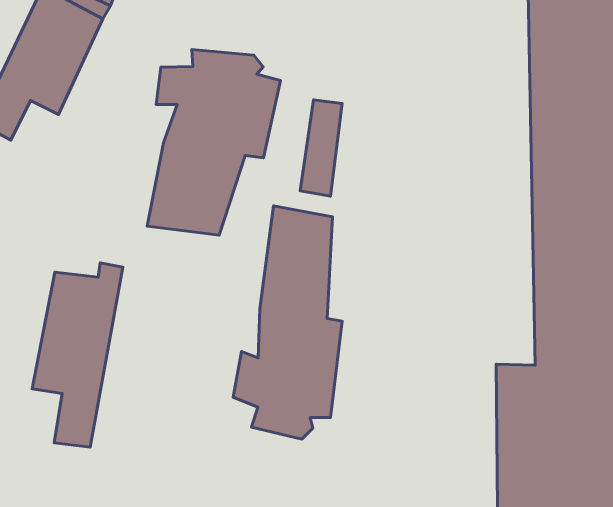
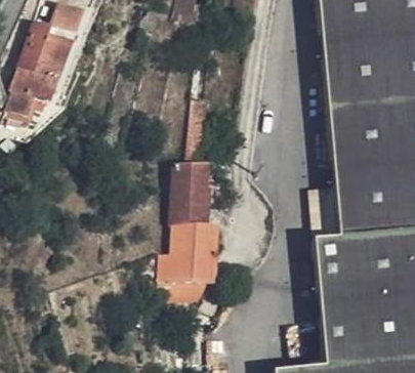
building: [147,49,280,235] -> none
building: [32,263,123,447] -> none

